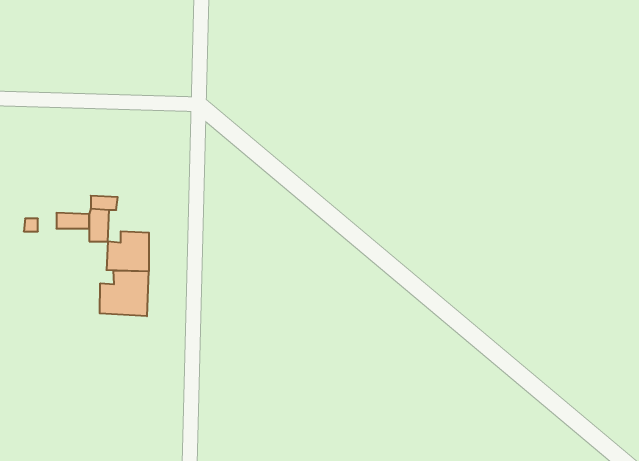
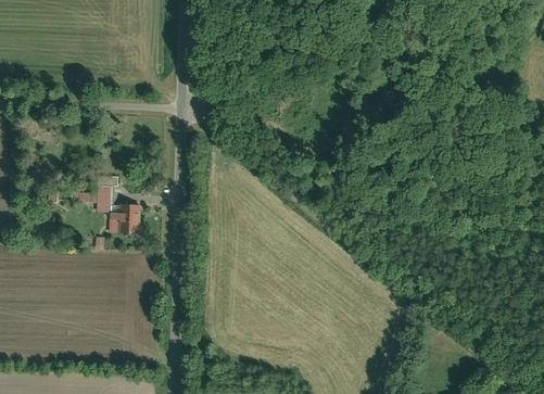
building: [100,271,148,316] -> none

